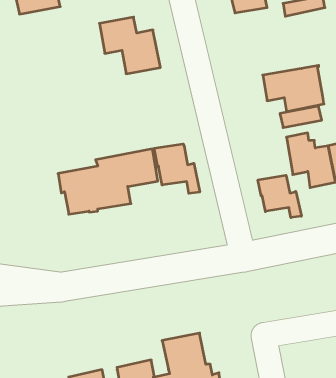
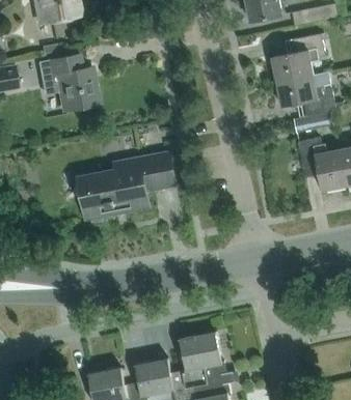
building: [99,17,160,74] -> [38,56,98,111]
building: none -> [272,34,325,82]
building: [154,144,200,193] -> none
building: [258,175,301,218] -> none

